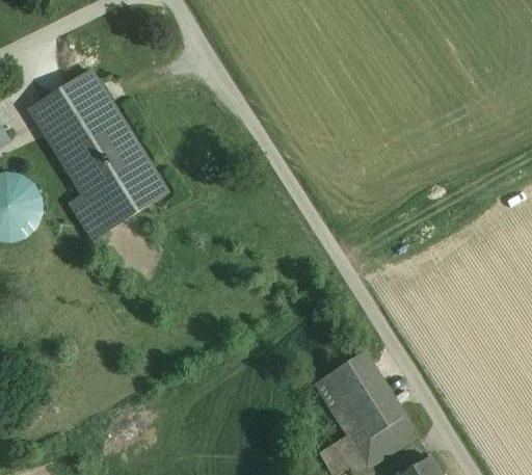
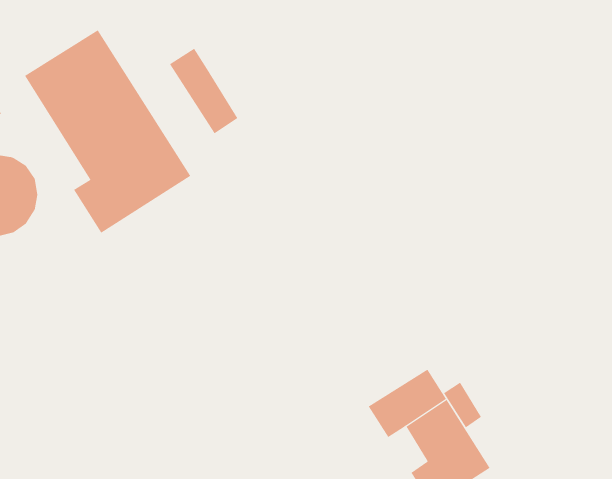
building: none -> [169,48,238,134]
building: [330,399,363,438] -> [443,382,482,428]

